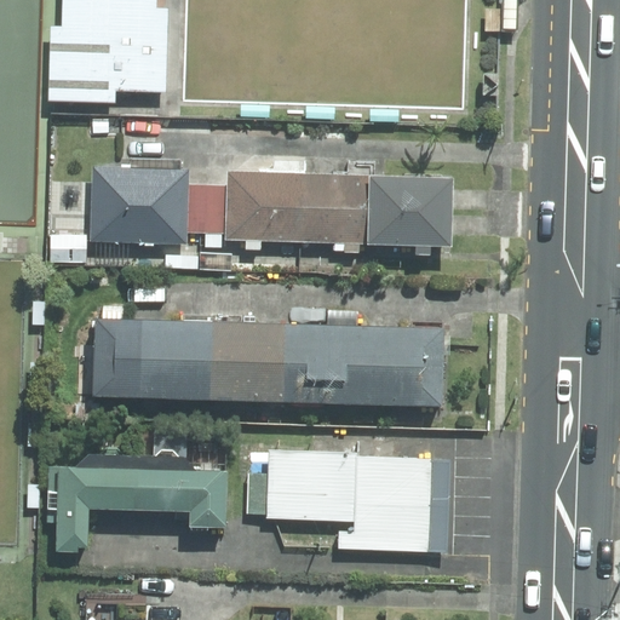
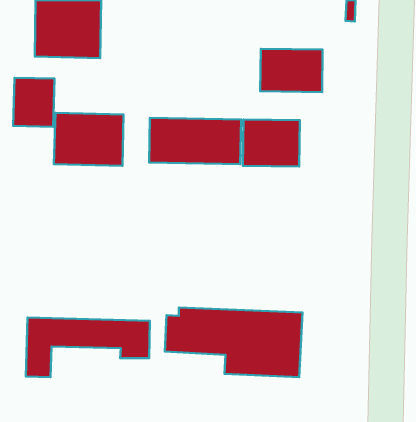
building: none -> [260,49,323,92]
building: none -> [13,78,54,127]
building: [90,317,441,407] -> none

